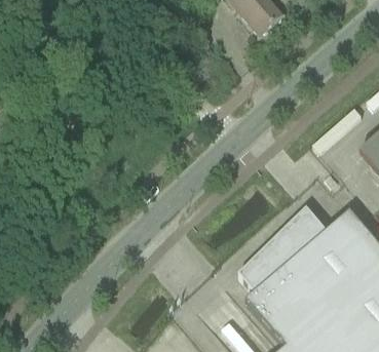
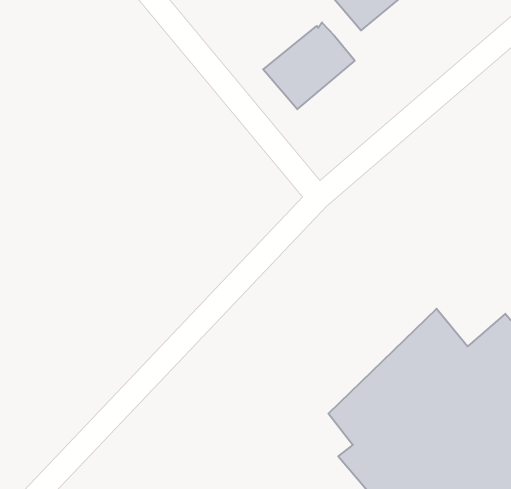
building: none -> [263,22,355,109]

